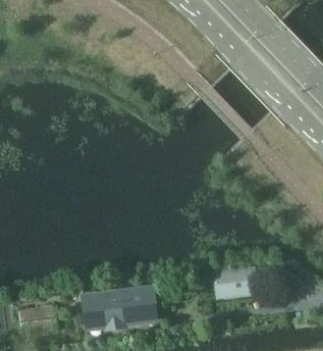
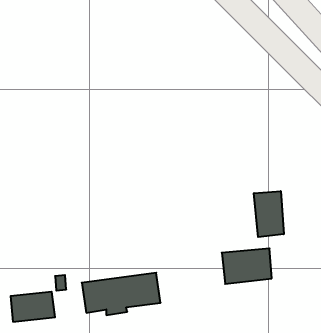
building: none -> [254,191,284,237]

